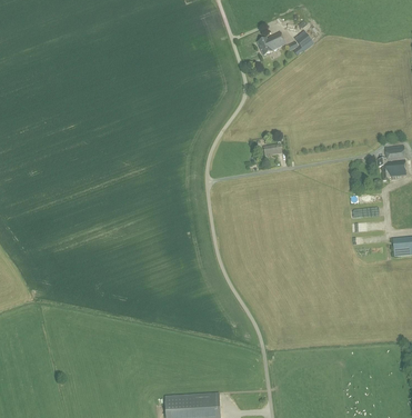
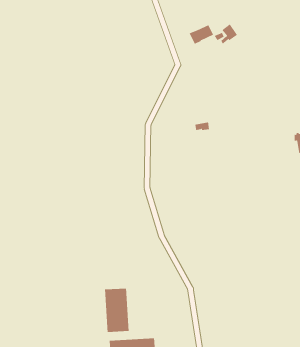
building: none -> [105,288,129,333]

